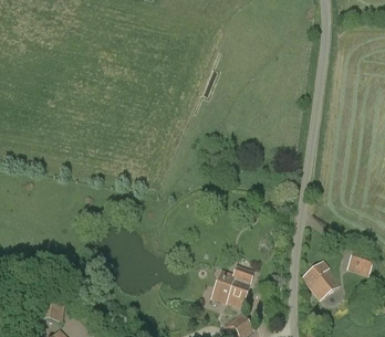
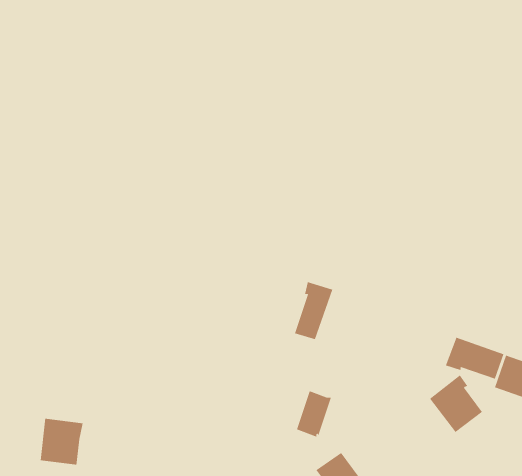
building: none -> [445,337,504,379]
building: [227,266,253,306] -> [294,282,333,340]

